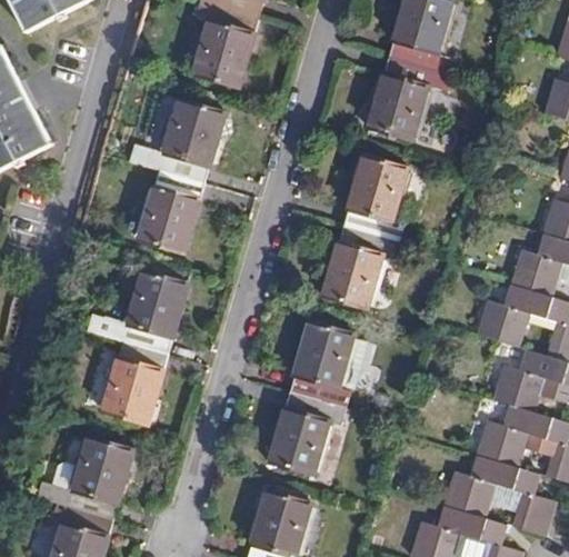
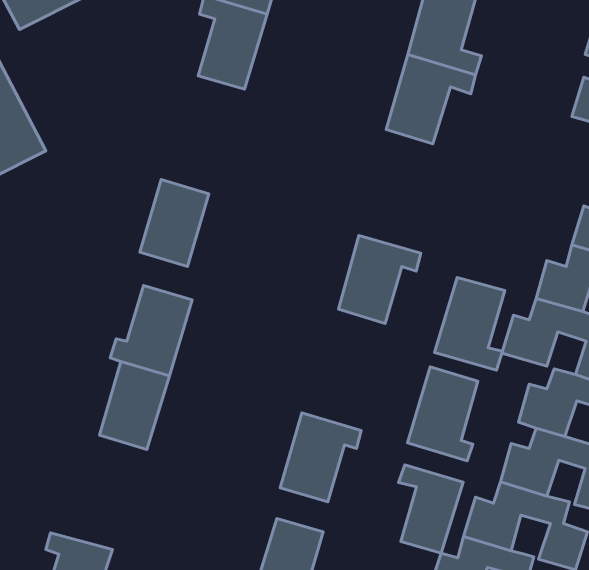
building: [144,101,224,186] -> none
building: [343,155,409,241] -> [435,277,505,370]
building: [290,319,356,407] -> [407,367,478,461]
building: [39,438,133,518] -> none
building: none -> [399,465,463,553]

